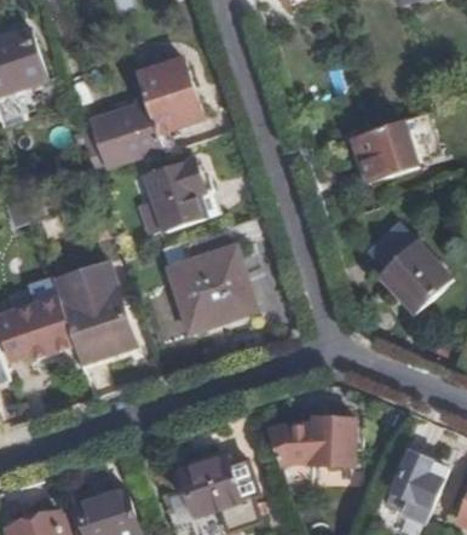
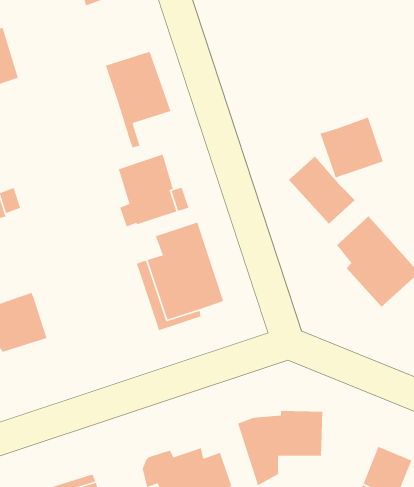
building: [77,103,158,169] -> none
building: none -> [288,156,355,224]
building: [53,263,134,361] -> none

